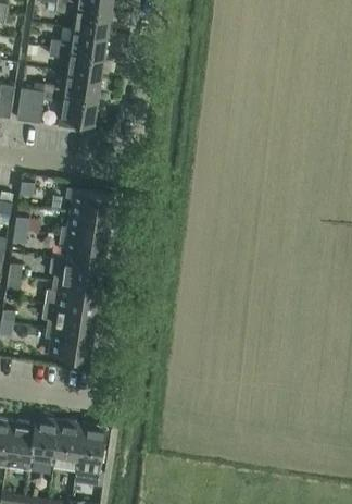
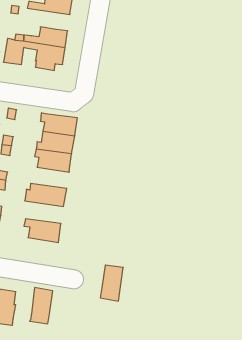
building: [47,48,104,78] -> none
building: [48,257,103,287] -> none
building: [42,304,96,334] -> none
building: [29,416,58,464] -> none
building: [75,423,105,471] -> [100,265,123,301]

